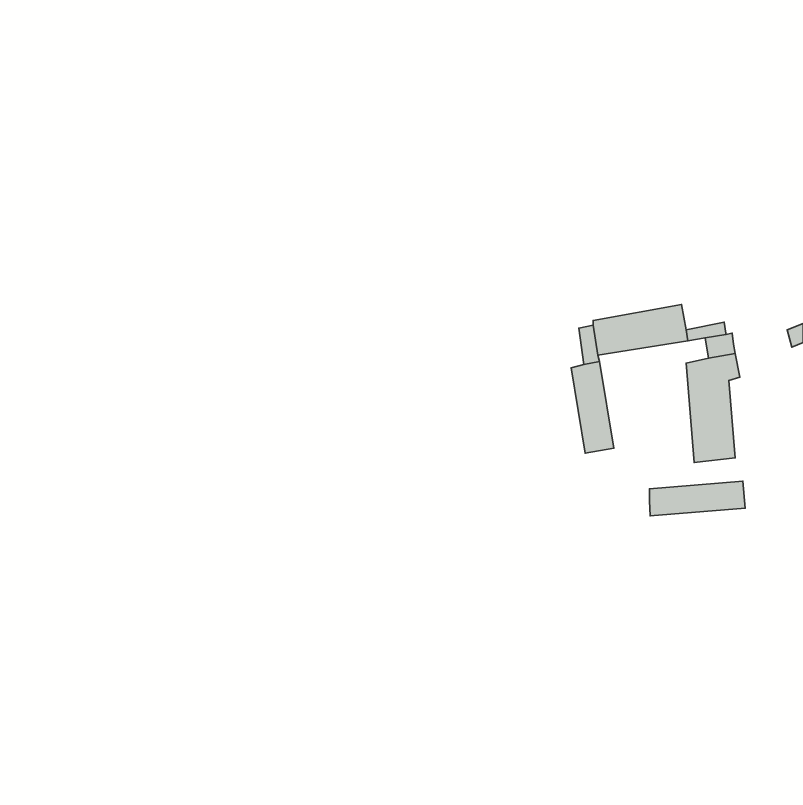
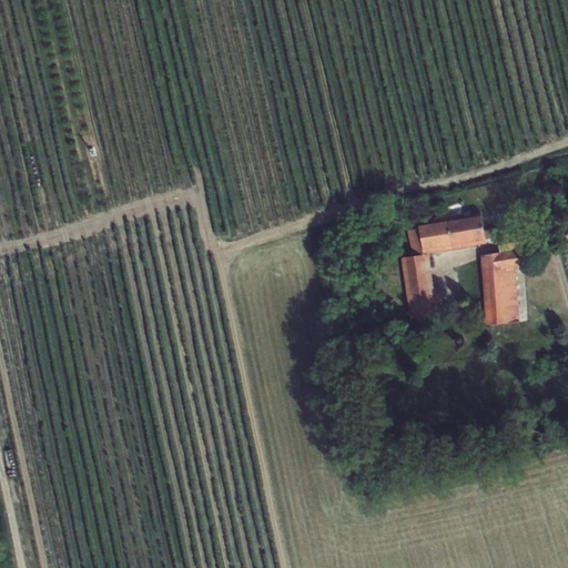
building: [649,481,745,516] -> none

